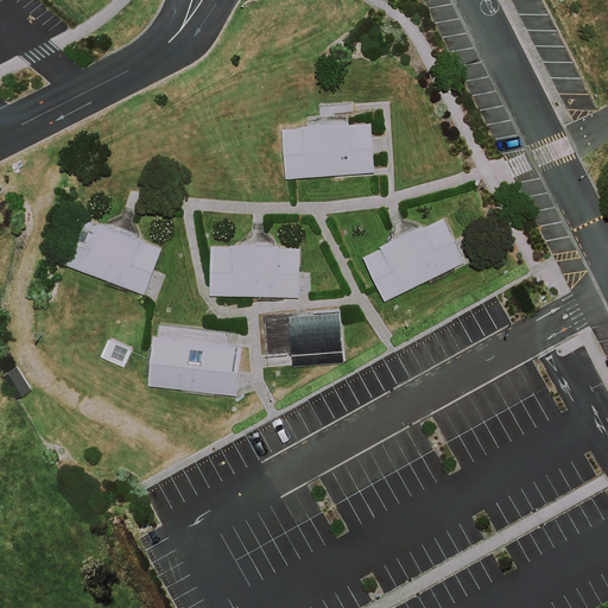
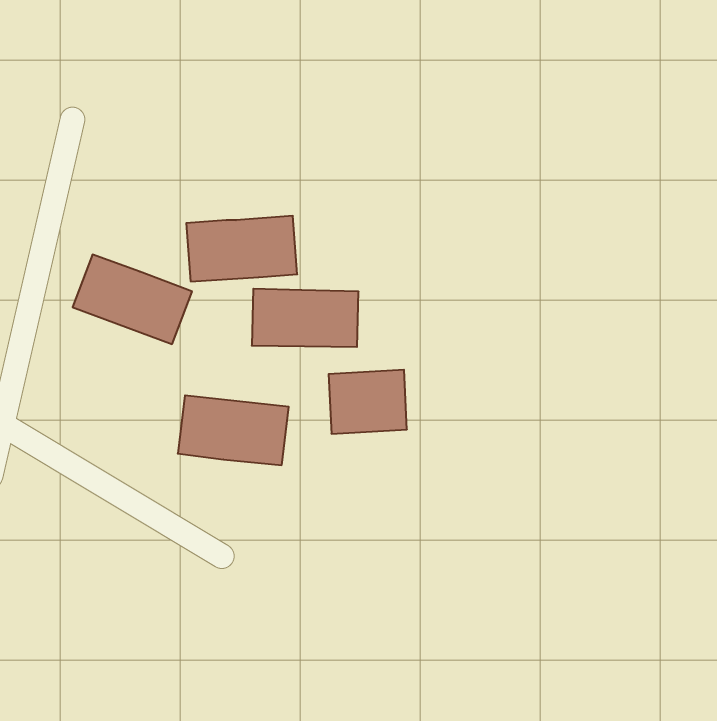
building: [279,124,372,178] -> [186,216,297,281]
building: [363,217,463,298] -> none

